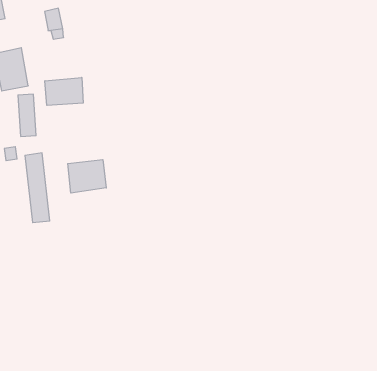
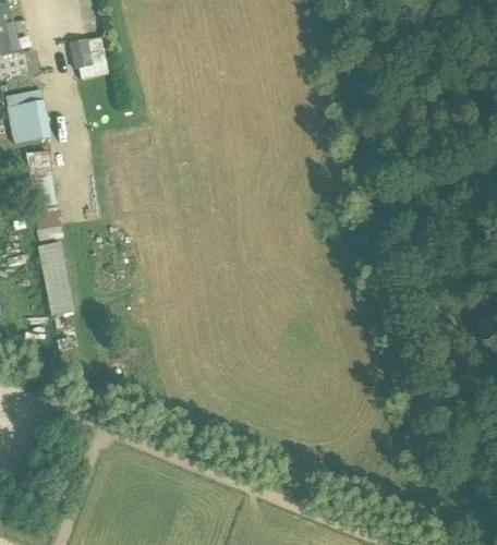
building: [45,77,83,105] -> none
building: [68,160,106,193] -> none

